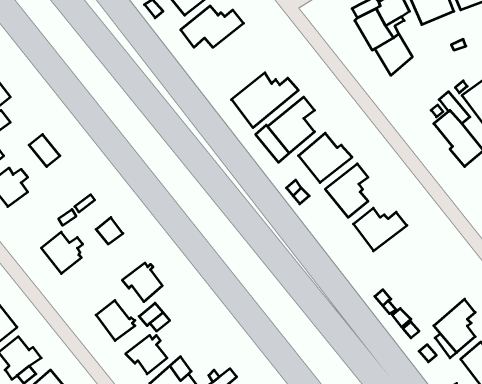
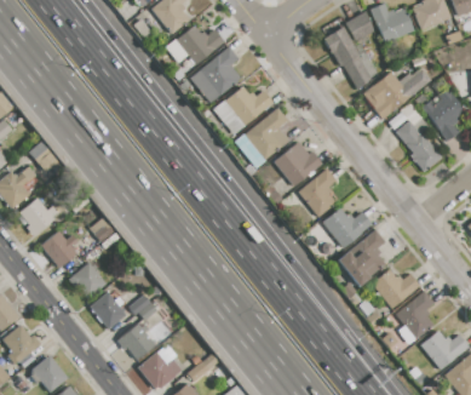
building: none -> [190,47,241,103]
building: none -> [362,68,430,119]
building: none -> [21,199,58,234]
building: none -> [338,230,385,285]
building: [122,263,162,302] -> [69,263,105,298]
building: none -> [372,269,420,309]

